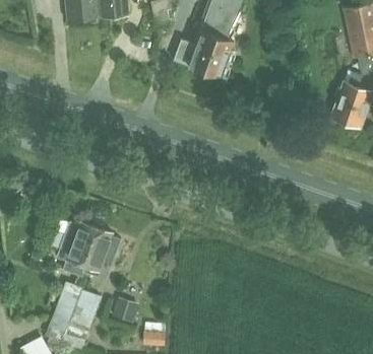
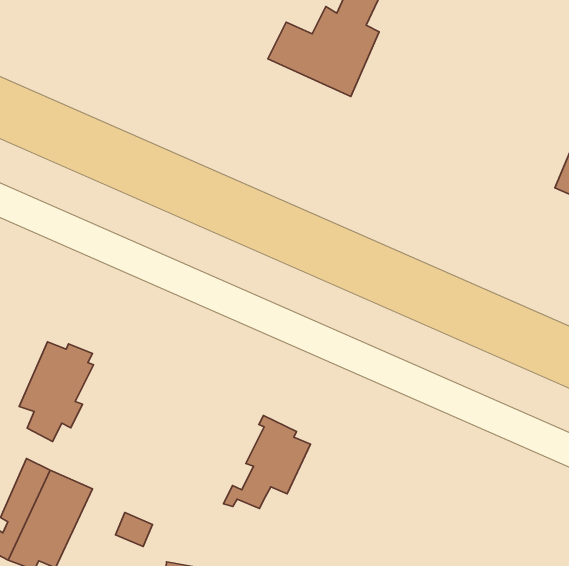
building: [77,223,121,273] -> [223,415,311,509]

